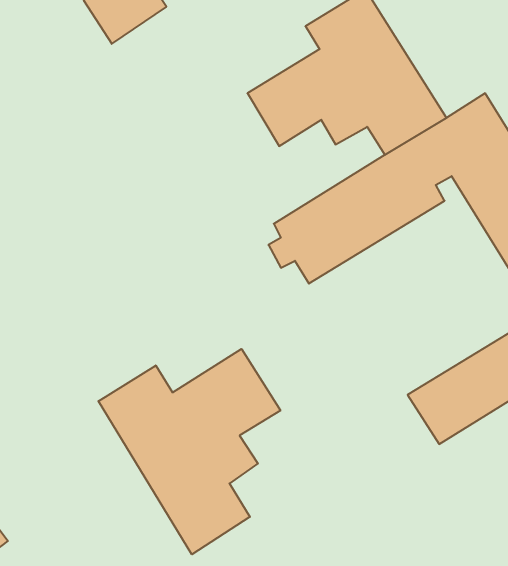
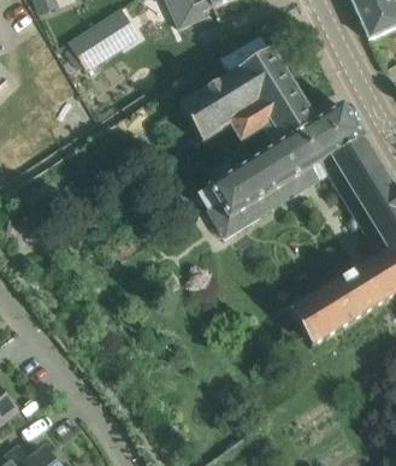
building: [98,349,280,554] -> none

